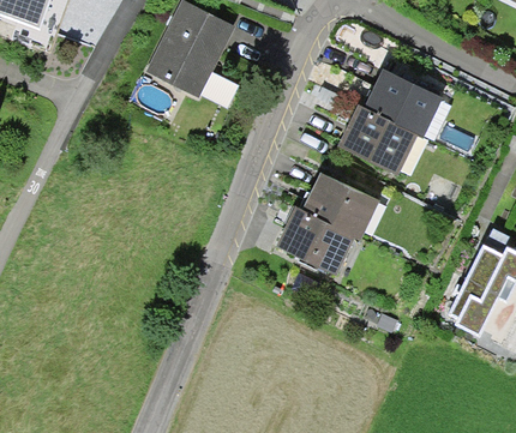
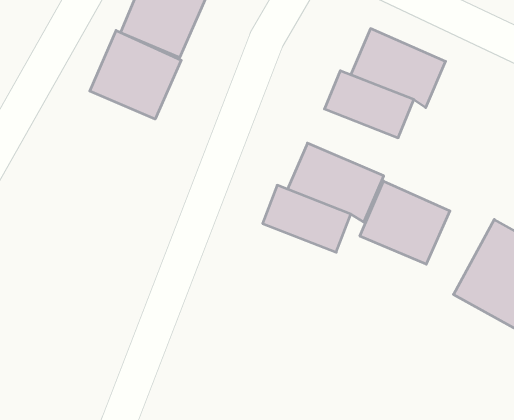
building: none -> [90,30,181,119]
building: none -> [360,181,450,264]

